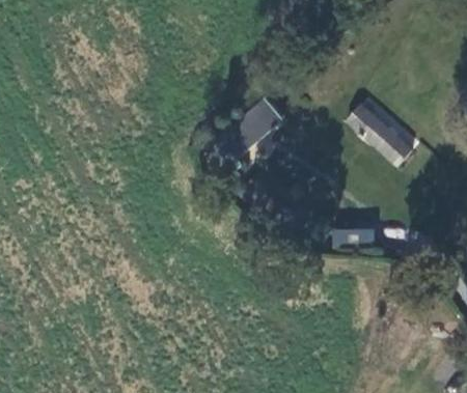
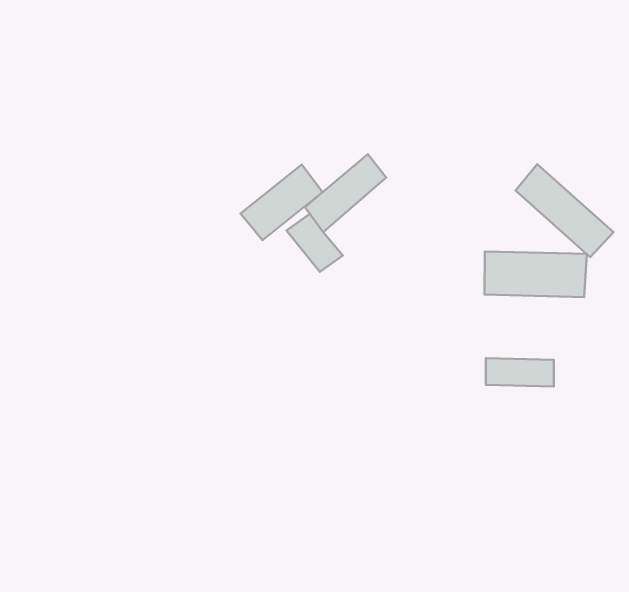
building: none -> [240,164,322,240]
building: none -> [485,251,587,297]

